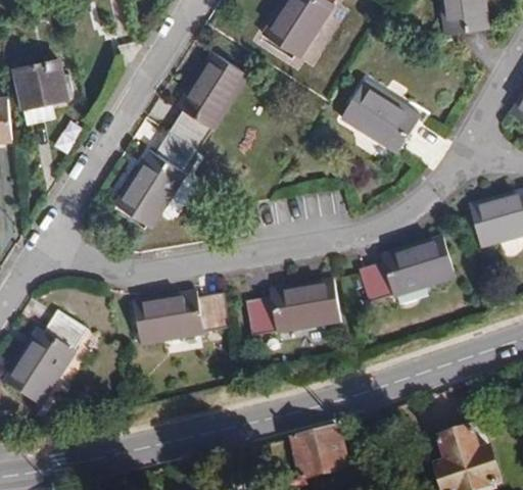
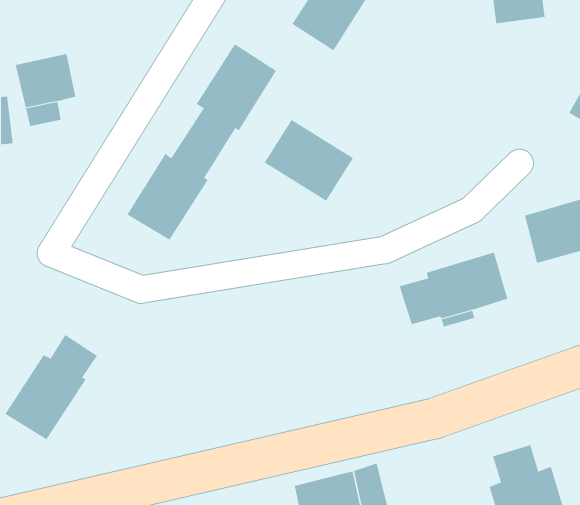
building: [341,80,422,153] -> [264,119,354,201]
building: [245,280,341,336] -> none
building: [134,293,231,346] -> none

